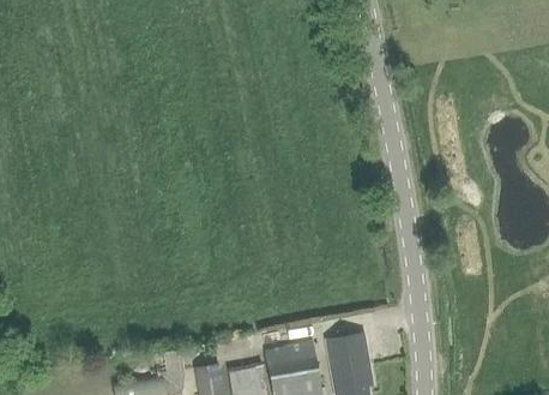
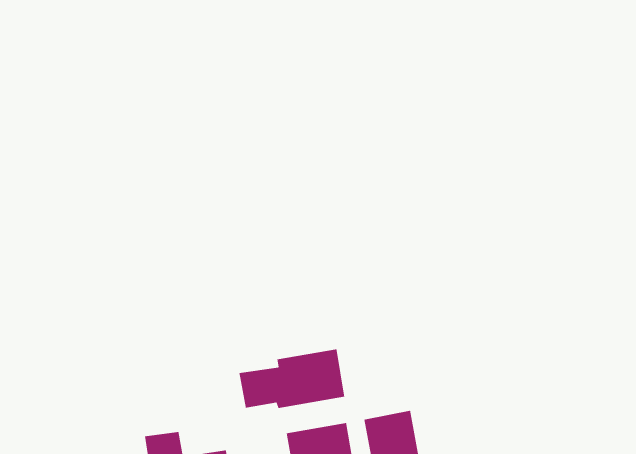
building: none -> [239,348,345,409]

